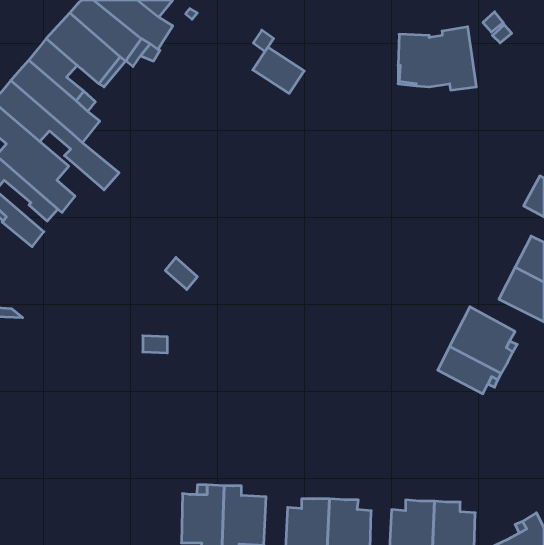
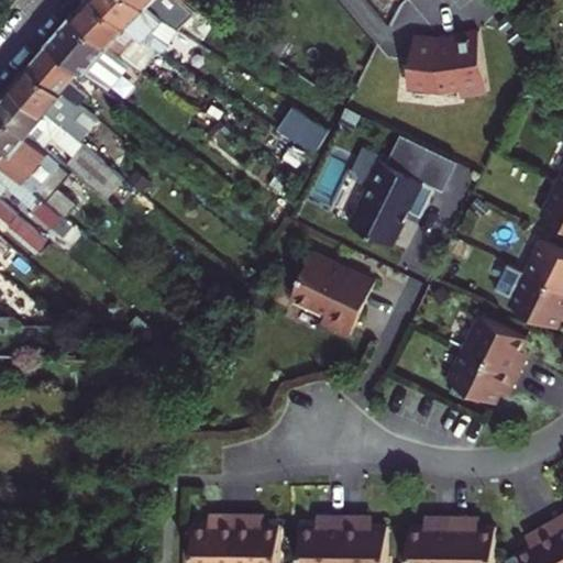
building: [253,47,304,93] -> [275,107,328,154]
building: none -> [351,135,459,245]
building: none -> [290,252,374,335]

